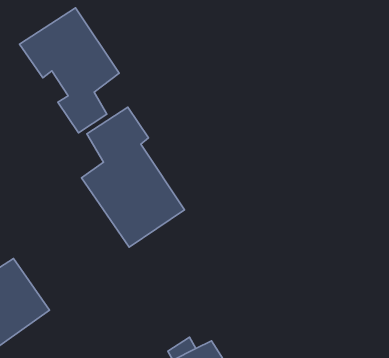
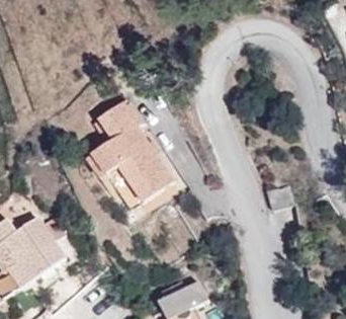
building: [20,8,119,133] -> none

